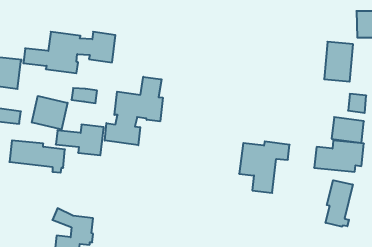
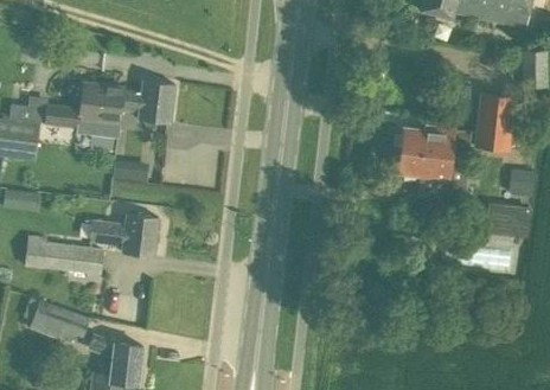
building: [105,77,163,145] -> none
building: [32,96,68,130] -> none
building: [239,141,290,193] -> [398,126,471,199]
building: [326,180,353,227] -> none
building: none -> [24,295,89,343]

